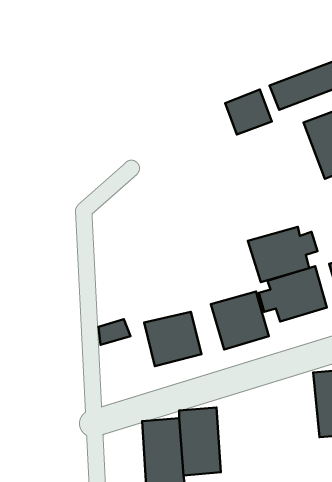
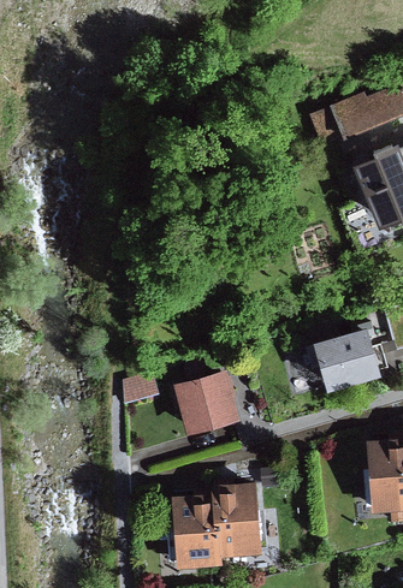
building: [225,89,272,135] -> none
building: [248,227,318,282] -> none
building: [211,292,269,349] -> none

